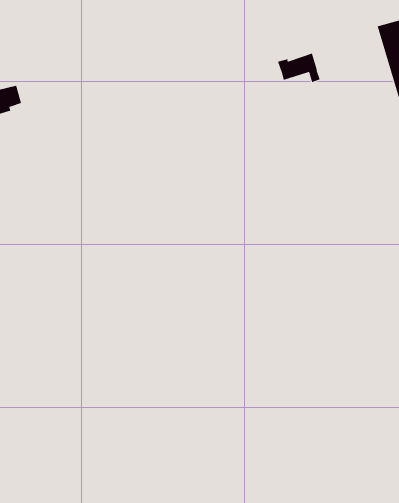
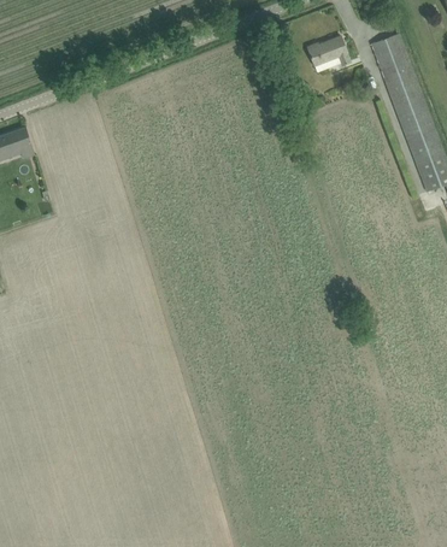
building: [277,53,321,83] -> [306,36,349,65]

